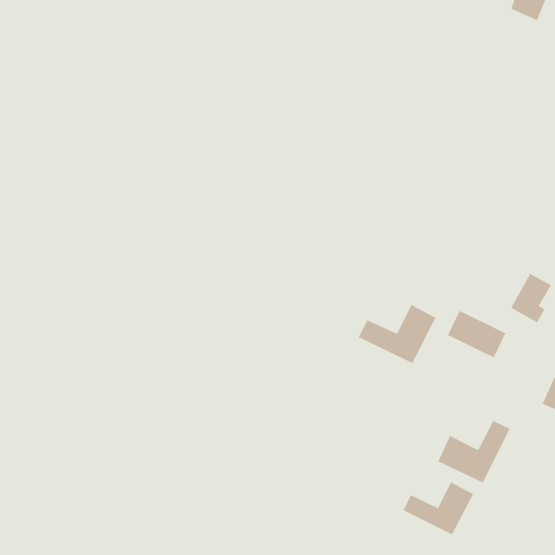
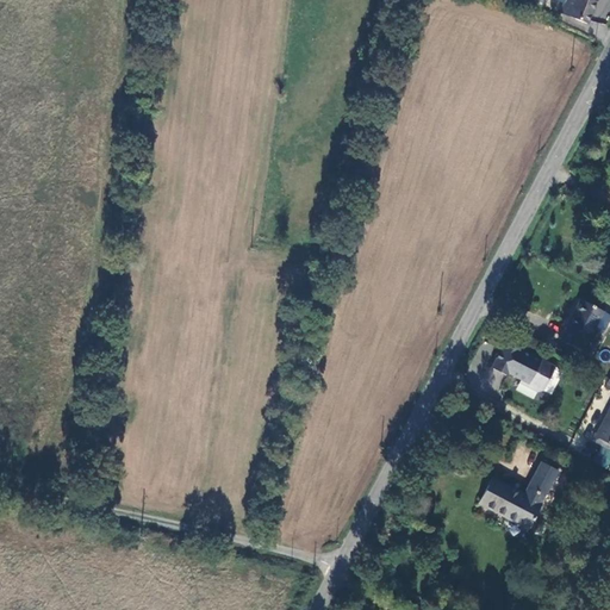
building: [358,304,436,364] -> none
building: [403,481,474,535] -> none

